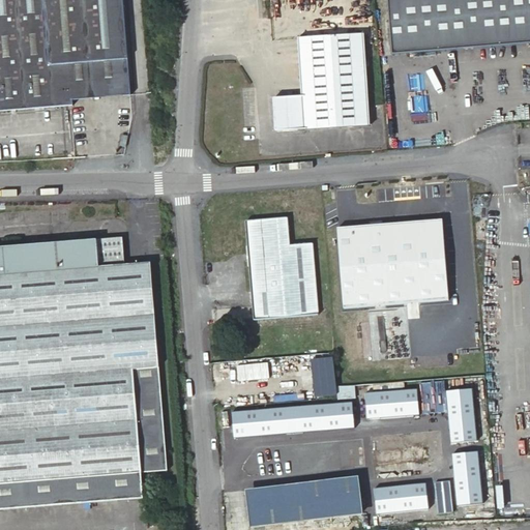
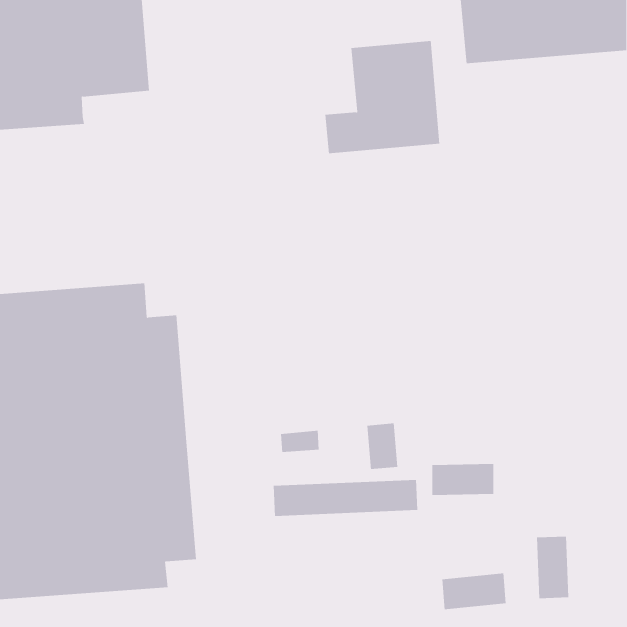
building: [69,77,127,98] -> none
building: [246,215,318,317] -> none
building: [340,218,451,307] -> none
building: [443,388,476,443] -> none
building: [247,477,359,523] -> none
building: [433,479,451,512] -> none

